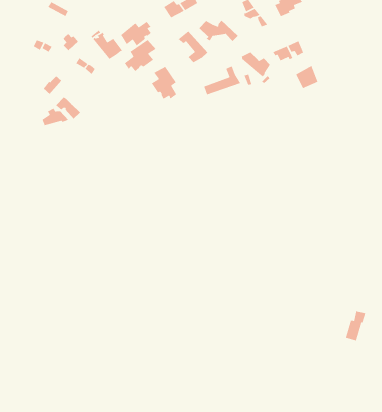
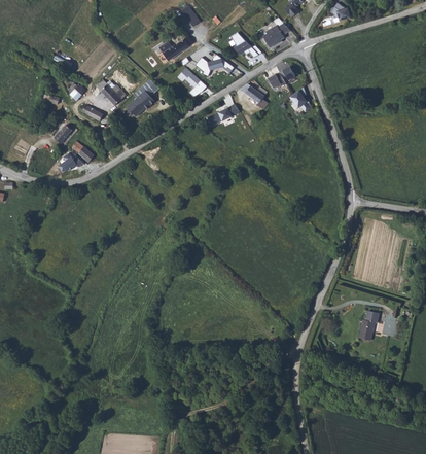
building: [120,21,152,46] -> none
building: [151,66,177,100] -> none

